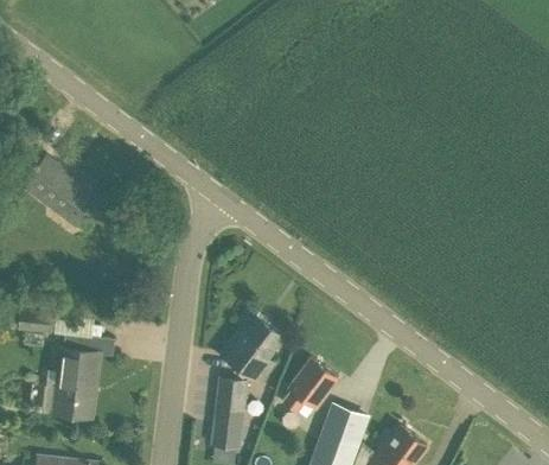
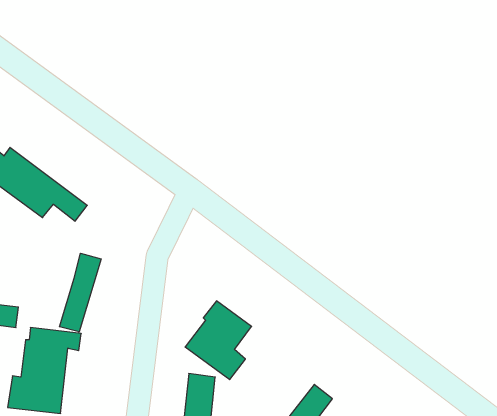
building: none -> [59,253,101,332]
building: [282,358,337,413] -> none

